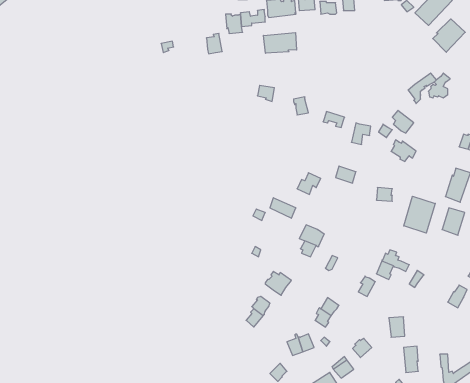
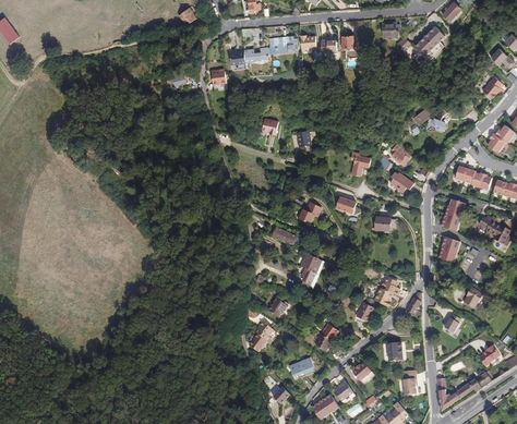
building: [433,19,465,52] -> none
building: [263,33,297,53] -> none
building: [404,196,435,233] -> none

